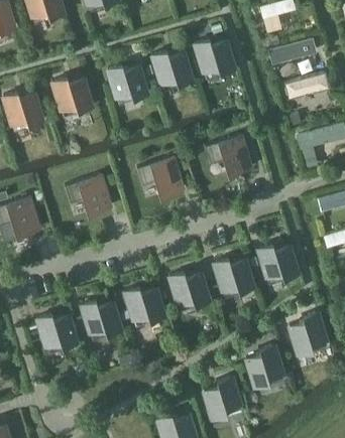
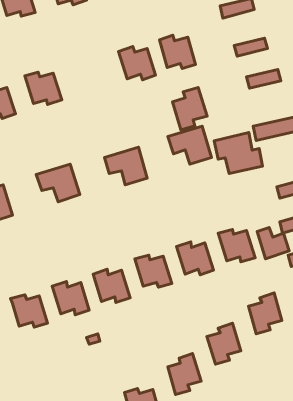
building: [108,65,147,100] -> none
building: none -> [172,87,207,130]
building: none -> [214,133,263,174]
building: none -> [257,228,289,259]

